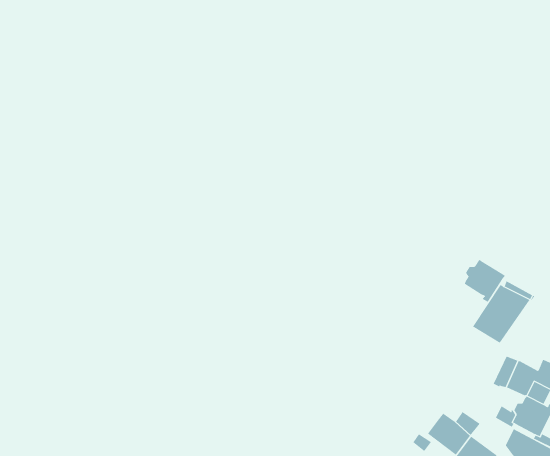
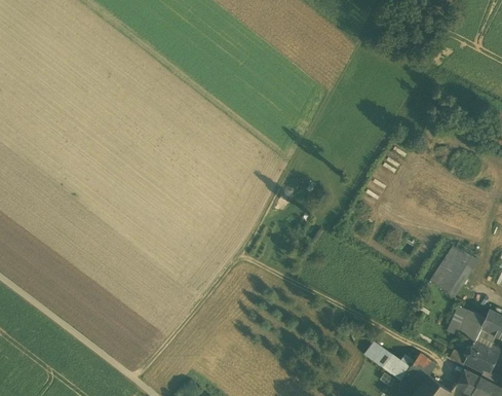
building: [464,259,506,302] -> none
building: none -> [364,341,400,372]

